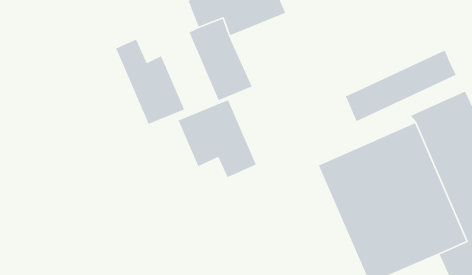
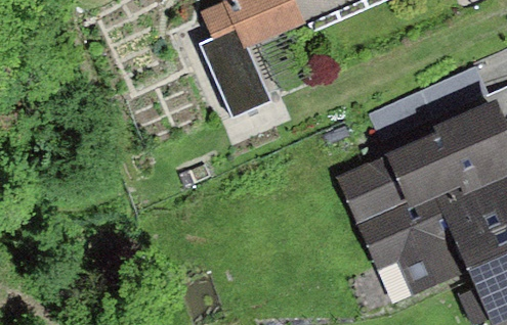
building: [115,38,185,125] -> none
building: [178,99,257,178] -> none

